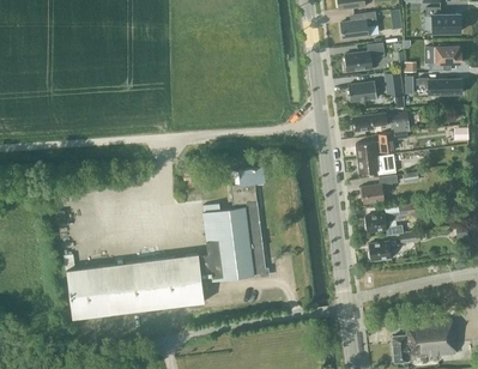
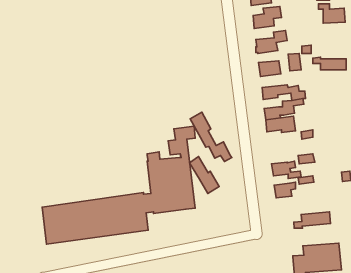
building: [430,44,461,71] -> none
building: none -> [190,112,232,161]
building: [362,175,398,204] -> none
building: none -> [190,157,219,194]
building: none -> [294,212,331,228]

